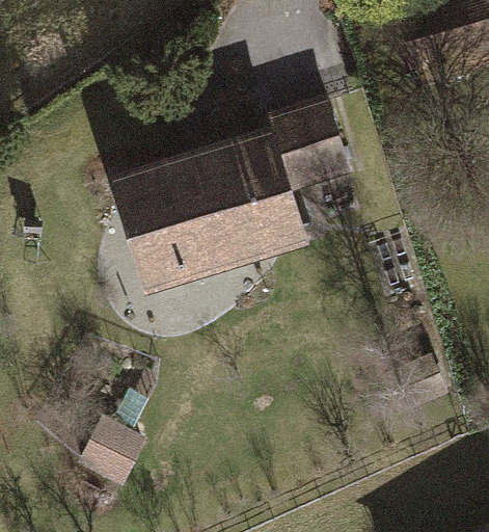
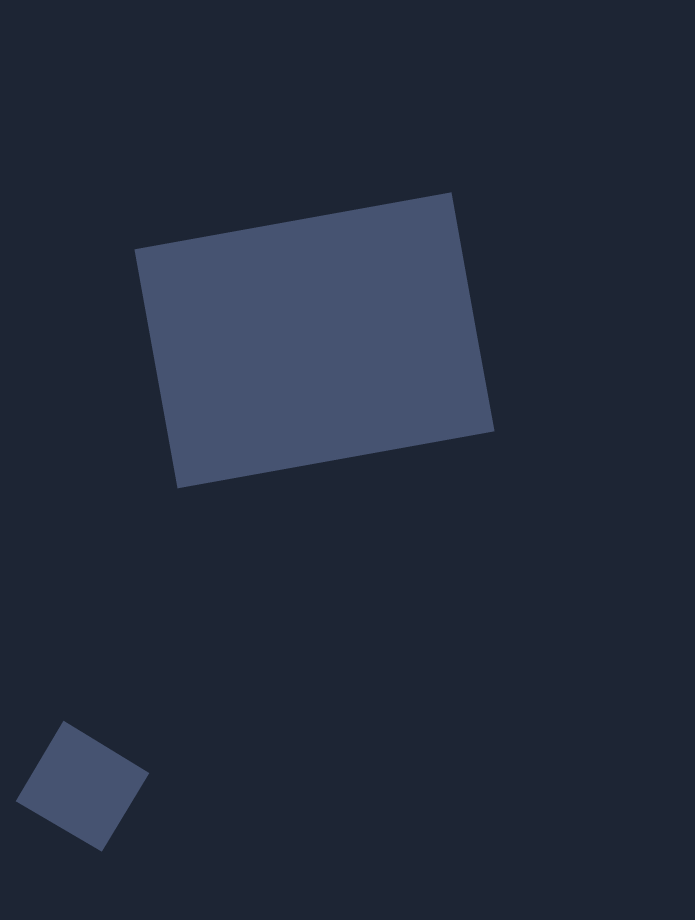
building: [268,98,354,196] -> none

